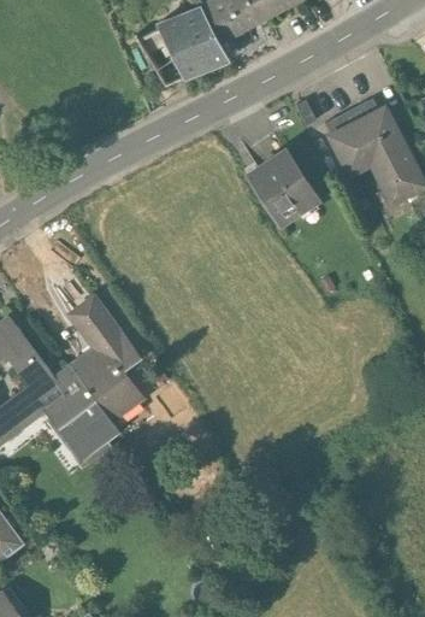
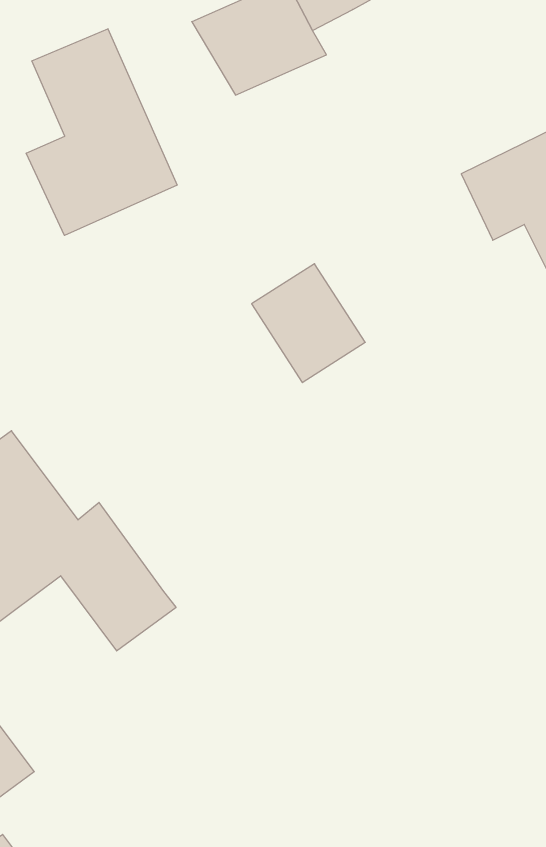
building: none -> [26,29,177,235]
building: [242,149,320,231] -> [252,264,365,383]
building: [67,293,149,424] -> none

